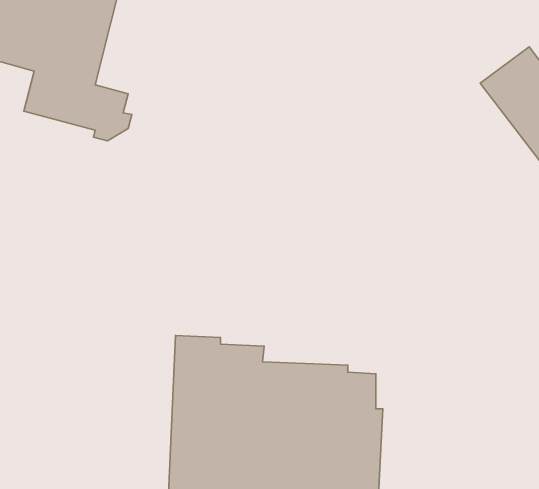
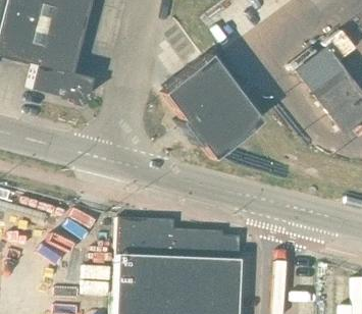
building: none -> [162,51,263,156]

